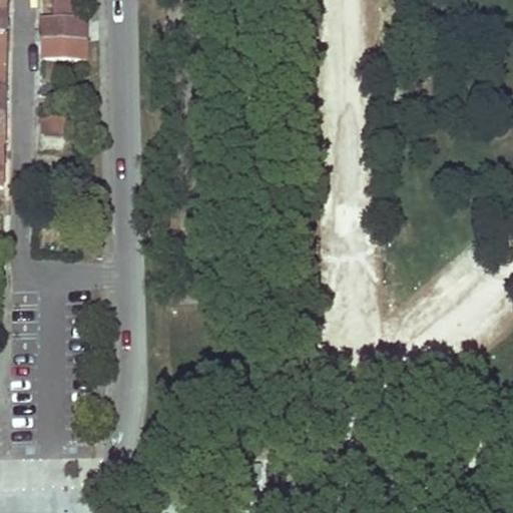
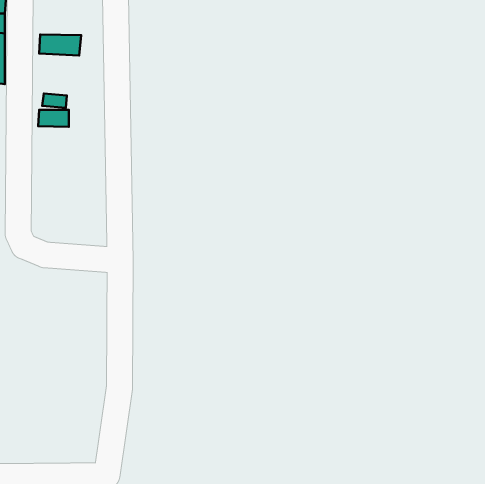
building: [39,15,85,37] -> none

